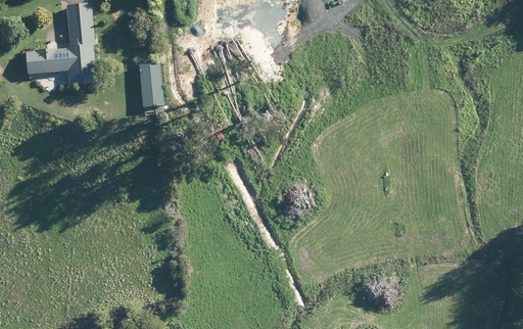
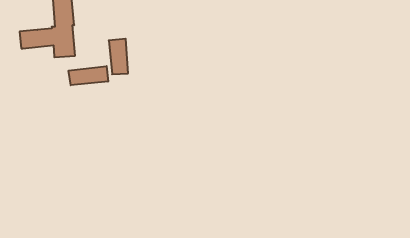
building: none -> [69,66,108,85]

